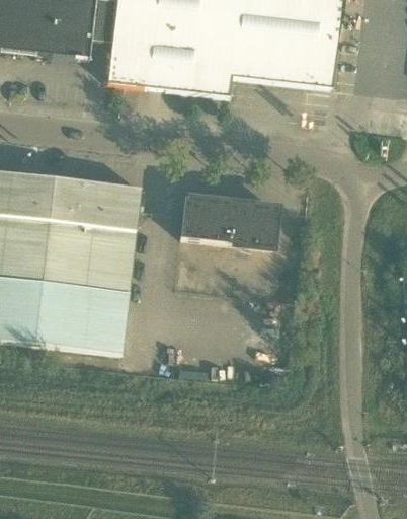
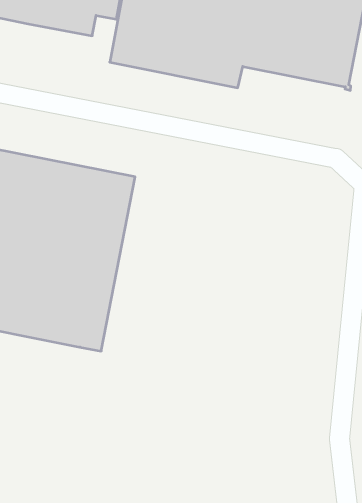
building: [179,196,276,246] -> none

